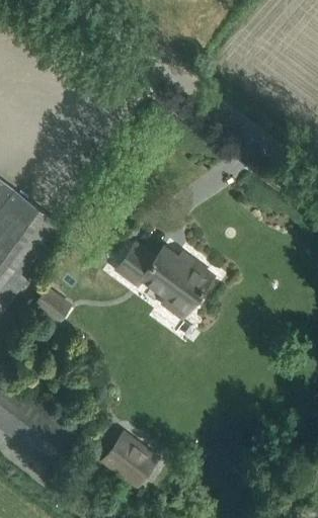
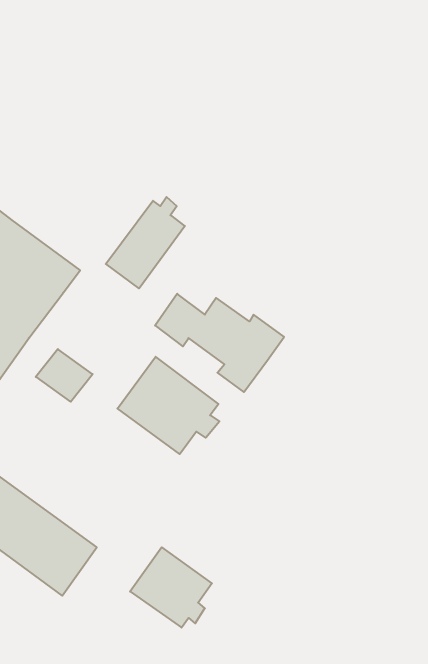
building: none -> [106,197,185,288]
building: none -> [117,357,219,454]

